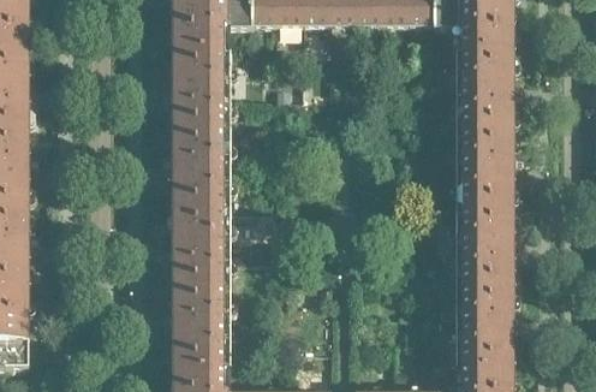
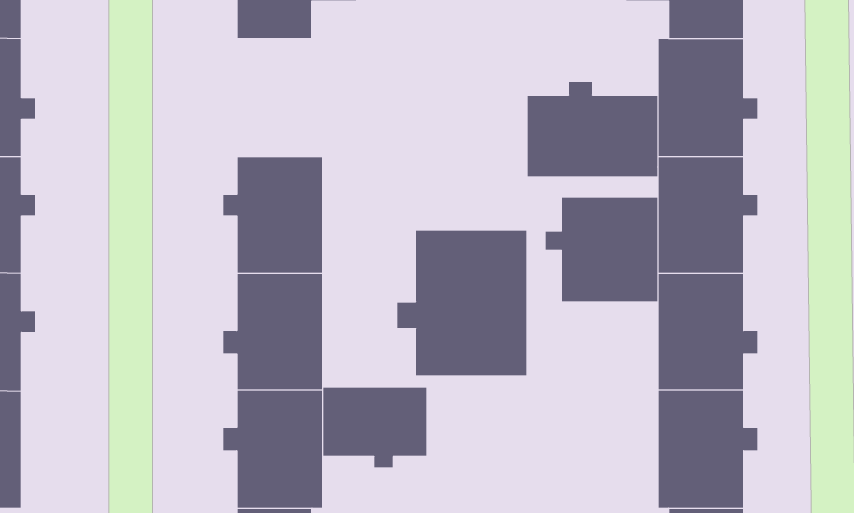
building: [162,51,230,130] -> none
building: none -> [527,81,658,177]
building: none -> [545,197,658,302]
building: none -> [397,230,527,376]
building: none -> [323,387,427,468]

